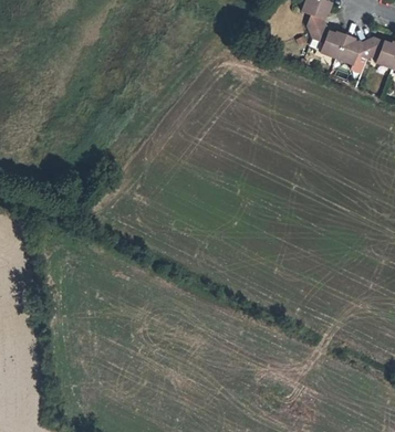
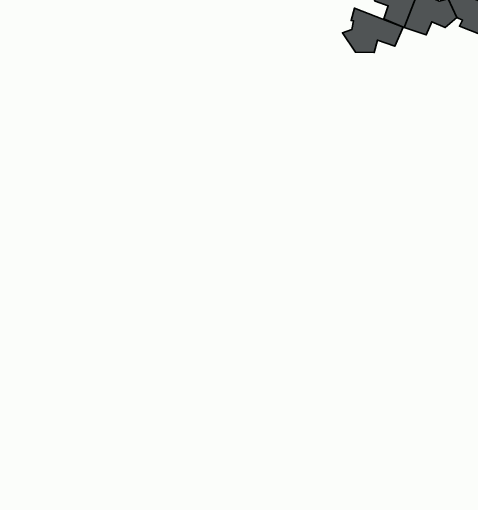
building: none -> [343,8,403,53]

